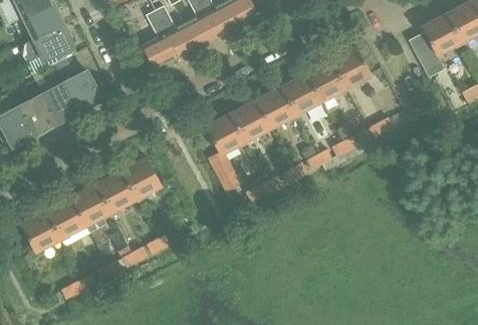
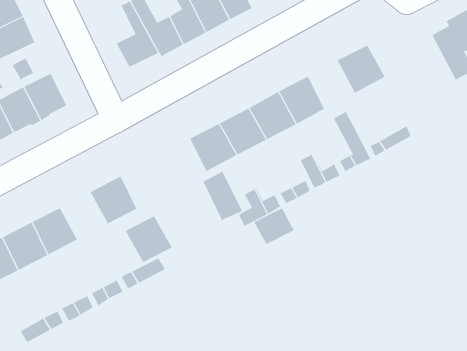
building: [304,60,343,101] -> none
building: [94,172,135,212] -> [125,215,172,263]
building: none -> [254,208,295,245]

